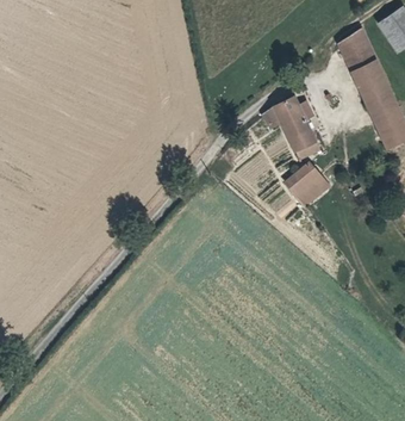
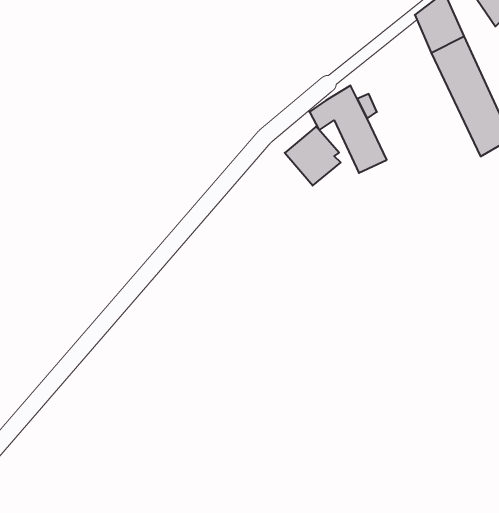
building: [286,162,326,205] -> [285,126,341,186]

